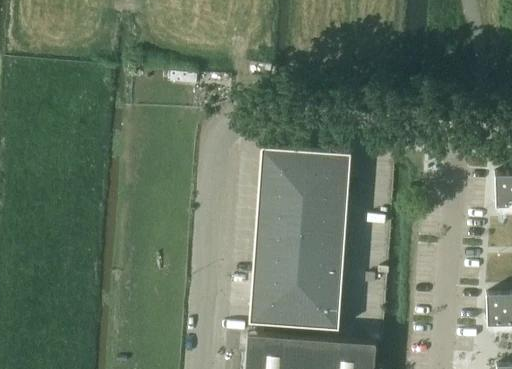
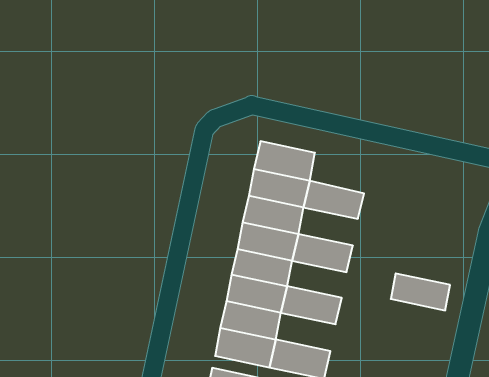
building: [305,152,351,179] -> none
building: [302,197,348,222] -> none
building: [299,241,345,265] -> [391,273,450,310]
building: [296,284,342,309] -> none

